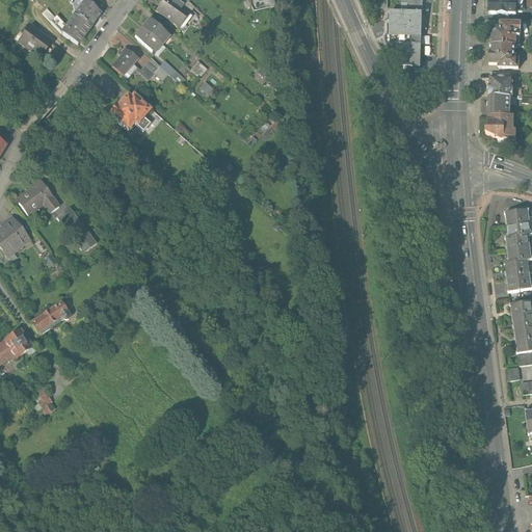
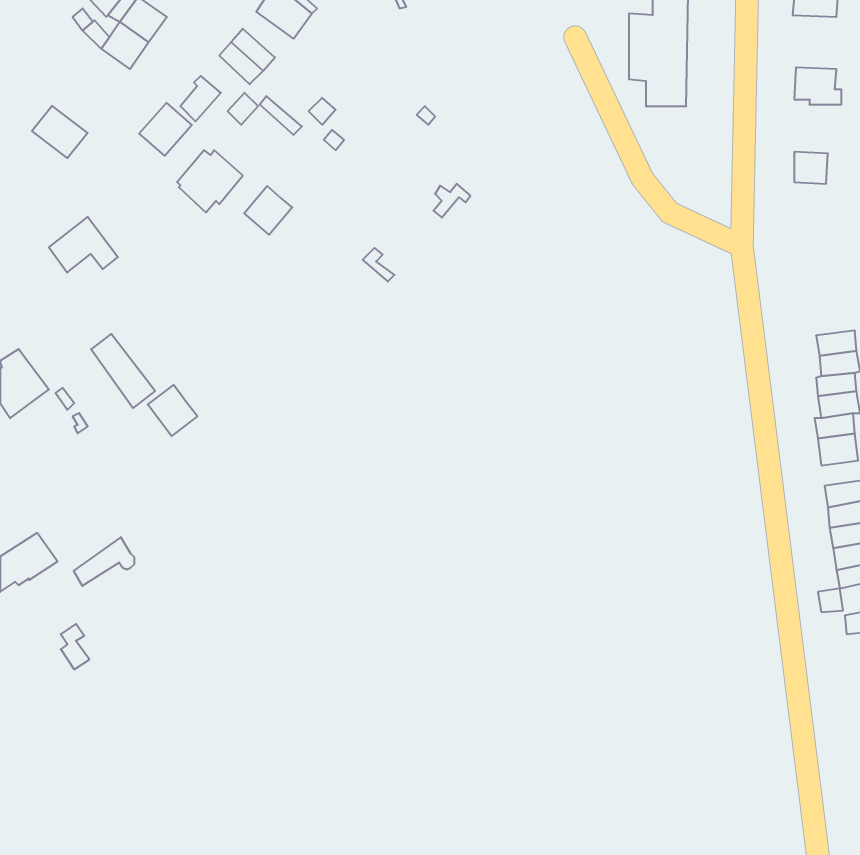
building: [491,20,521,43] -> none
building: [18,24,52,56] -> [32,106,88,158]
building: none -> [139,103,192,156]
building: [490,75,513,95] -> none
building: [487,112,515,139] -> none
building: none -> [244,186,292,235]
building: [17,180,59,214] -> [49,217,118,273]
building: none -> [148,385,197,436]
building: [32,300,70,330] -> [74,537,134,586]

